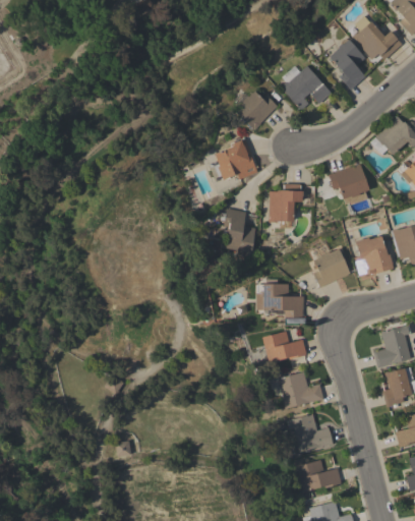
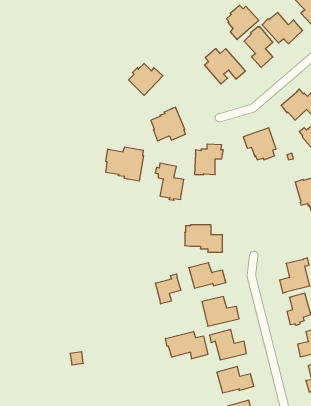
building: none -> [227,5,259,40]
building: [235,91,278,130] -> [128,63,163,96]
building: none -> [106,147,144,181]
building: [354,236,394,277] -> none
building: [309,242,351,287] -> none
building: none -> [155,274,181,304]
building: none -> [166,331,208,359]

